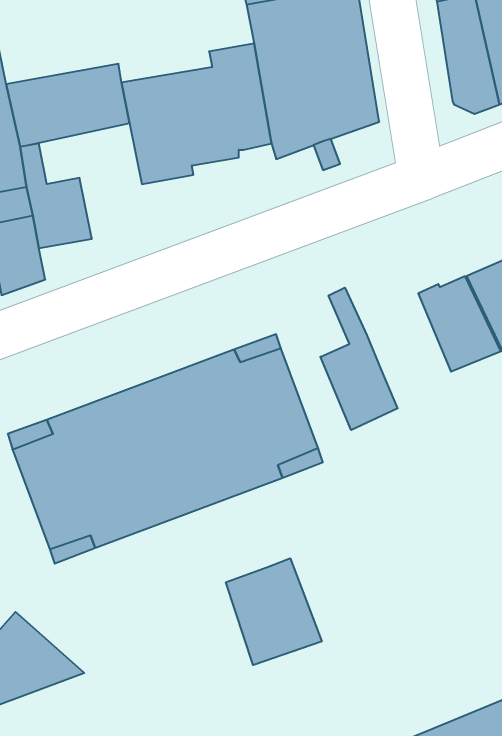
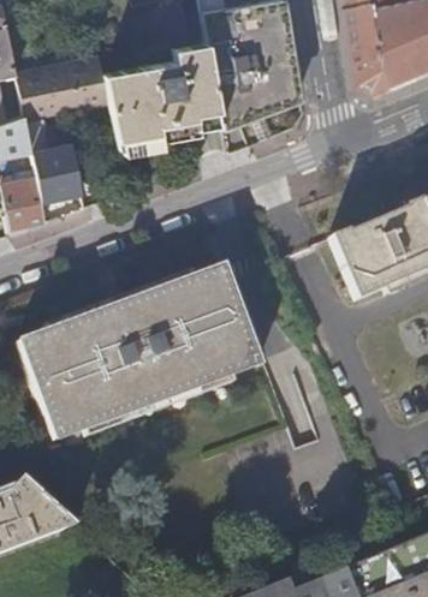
building: [320,288,398,430] -> none
building: [226,558,322,665] -> none

